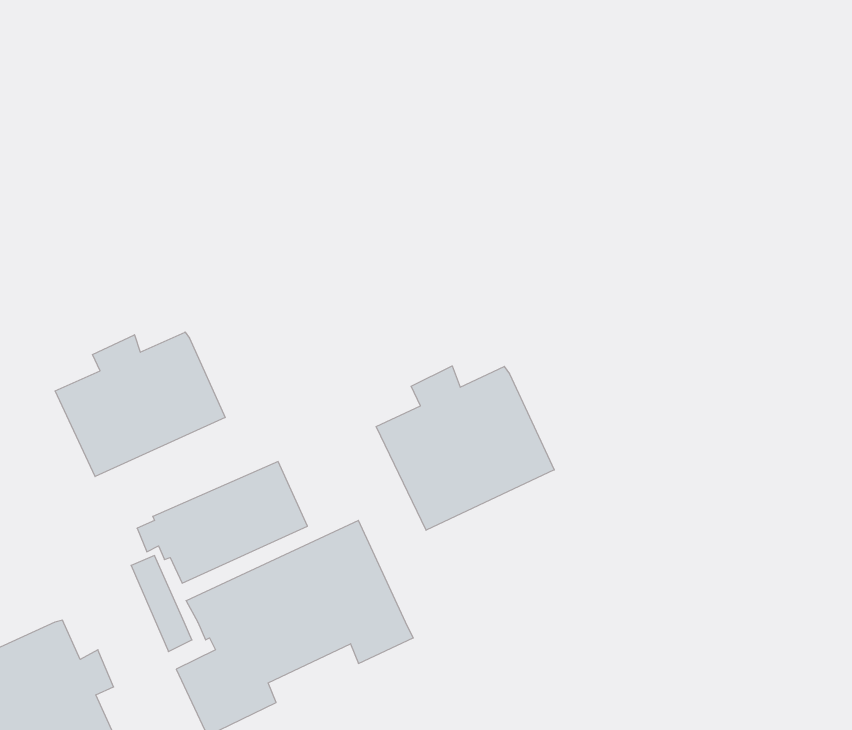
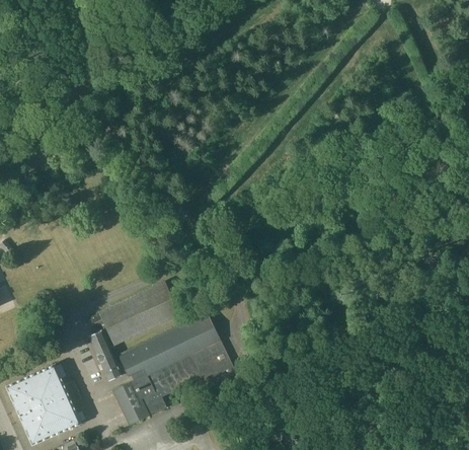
building: [55,332,225,477] -> none
building: [376,366,554,530] -> none

